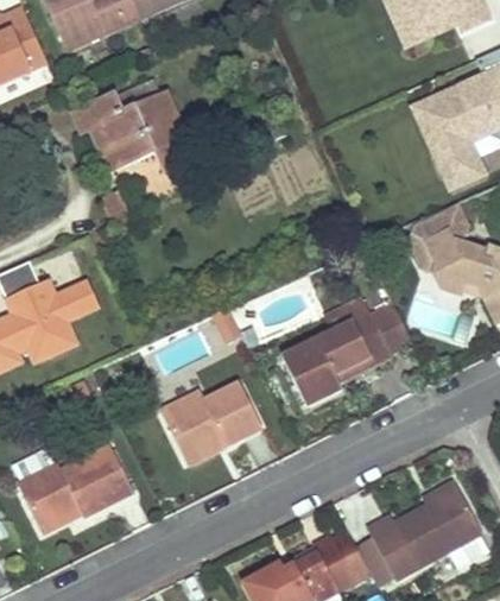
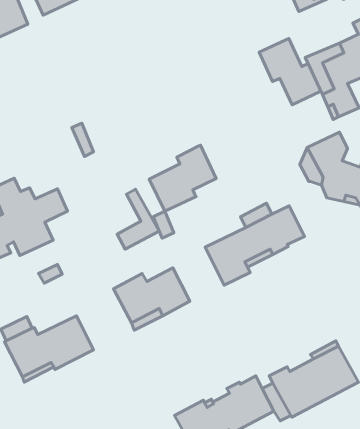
building: none -> [259,38,321,105]
building: [76,81,197,172] -> none
building: none -> [149,145,216,211]
building: none -> [117,189,159,249]

